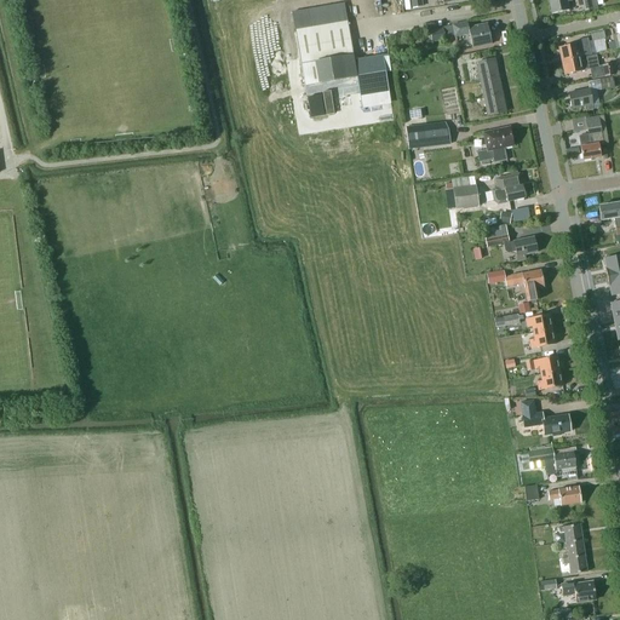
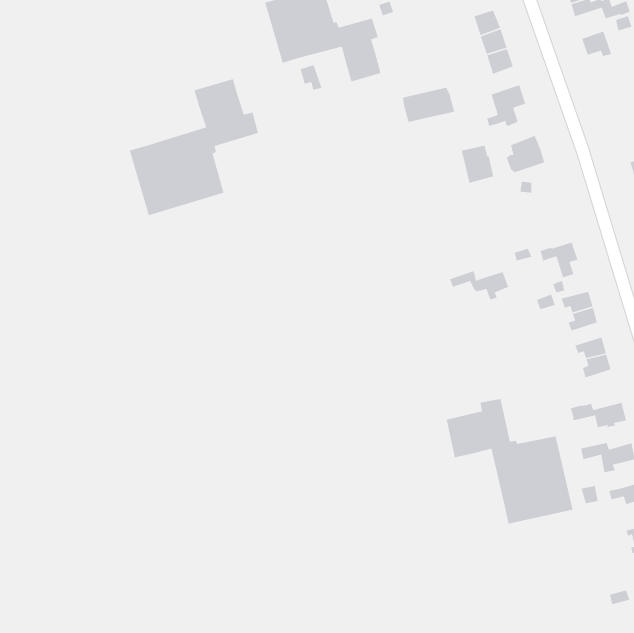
building: none -> [129,78,259,216]
building: [579,114,603,157] -> none
building: [484,231,536,259] -> [449,270,509,300]
building: none -> [446,398,573,524]

